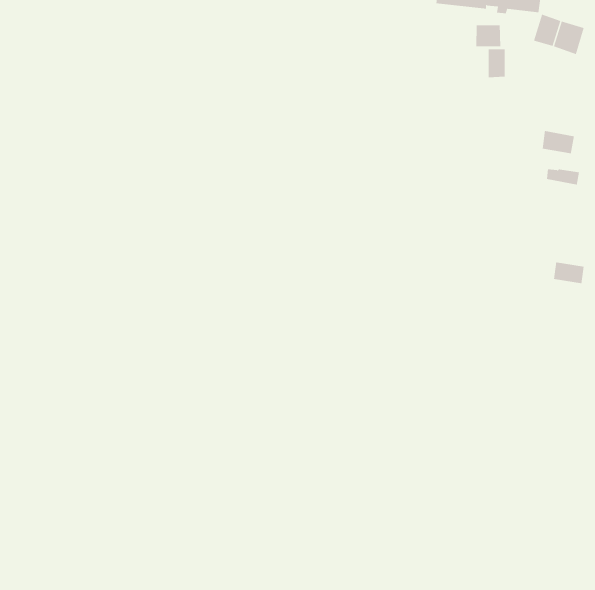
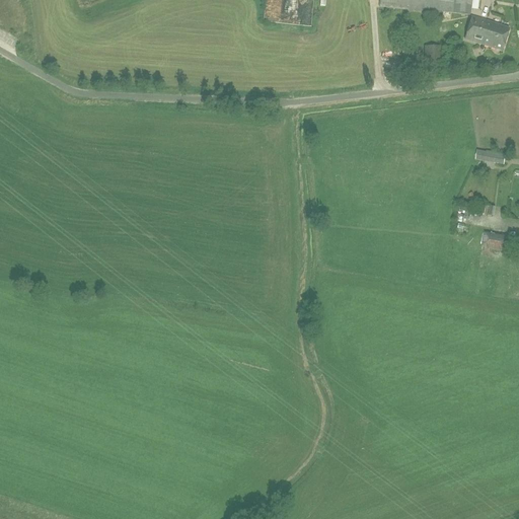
building: [476,24,501,47] -> none
building: [542,130,575,154] -> none

